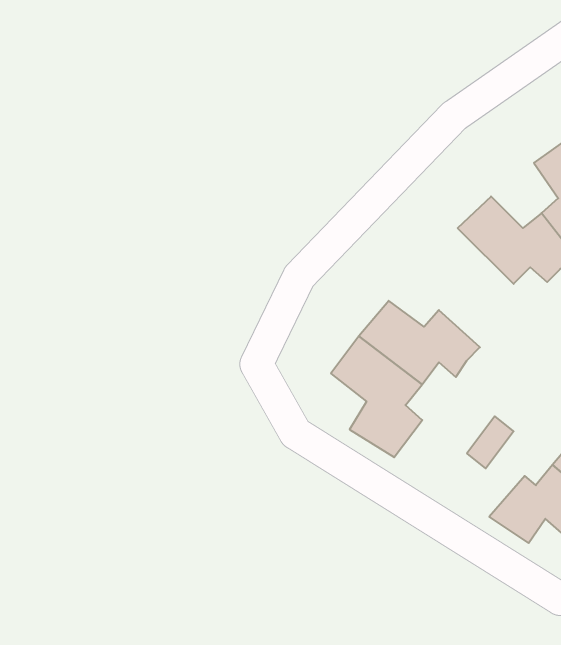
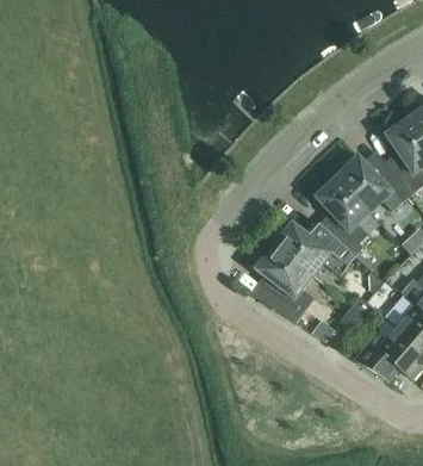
building: none -> [315,174,372,254]

